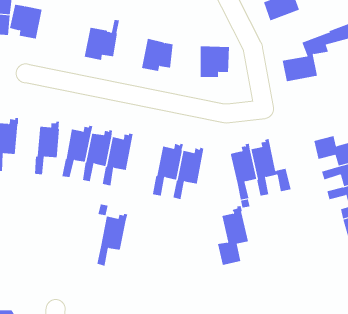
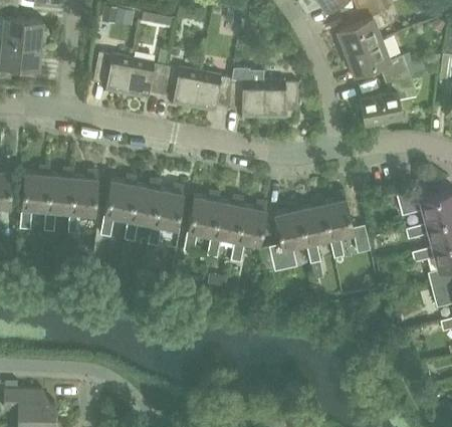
building: [9,4,43,39] -> [94,53,134,94]
building: none -> [346,39,415,77]
building: none -> [162,66,201,108]
building: none -> [229,79,263,119]
building: none -> [44,168,74,231]
building: [217,206,249,265] -> [269,201,306,271]
building: [97,213,128,266] -> [184,191,221,253]

